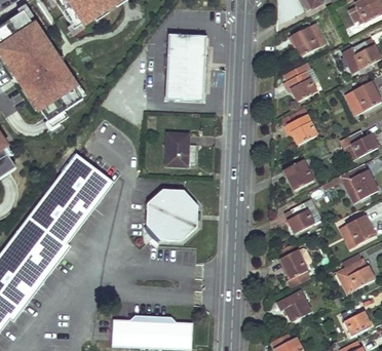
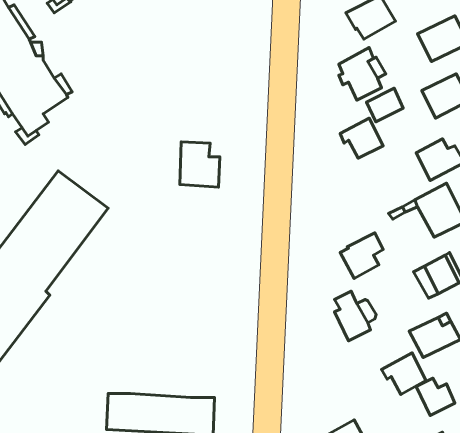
building: [166,34,206,100] -> none
building: none -> [367,88,403,122]
building: [283,160,312,190] -> none
building: [145,187,196,238] -> none
building: [277,290,310,321] -> [382,353,426,395]

